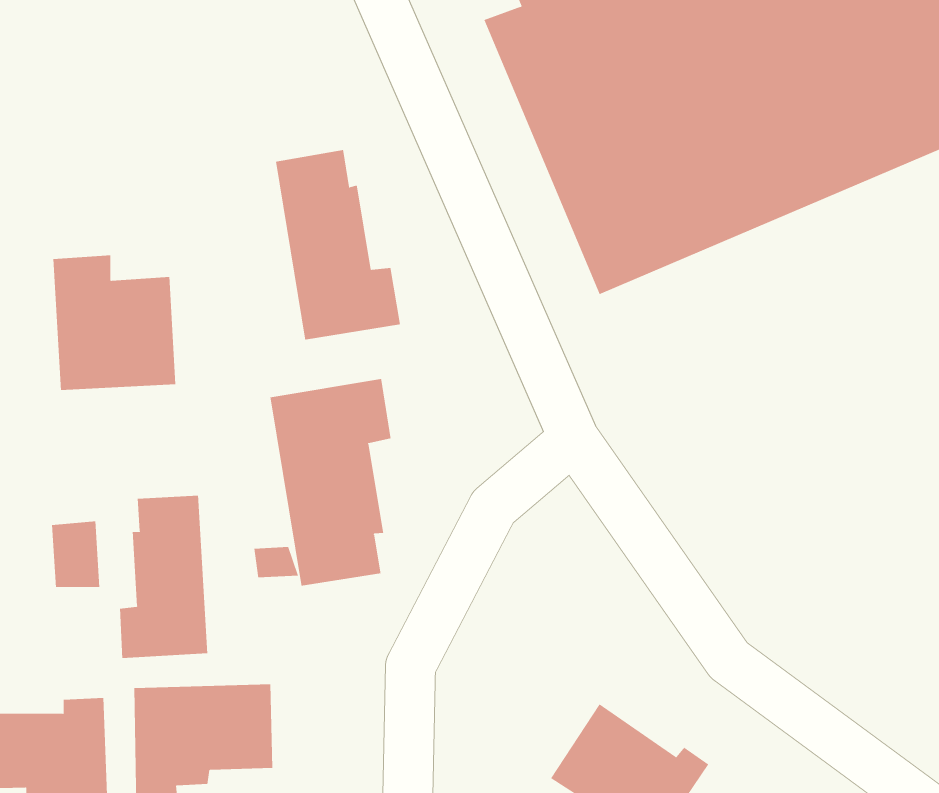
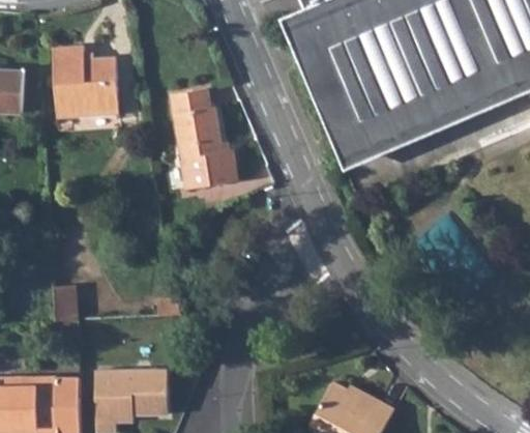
building: [52,255,176,390] -> [54,46,119,117]
building: [270,378,391,586] -> none
building: [119,495,208,659] -> none

